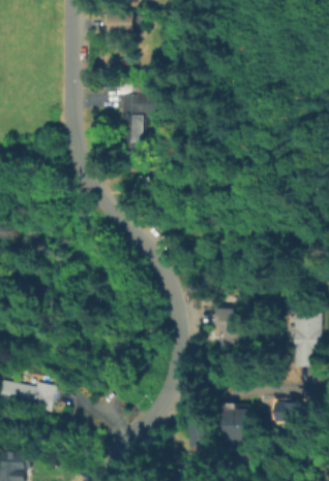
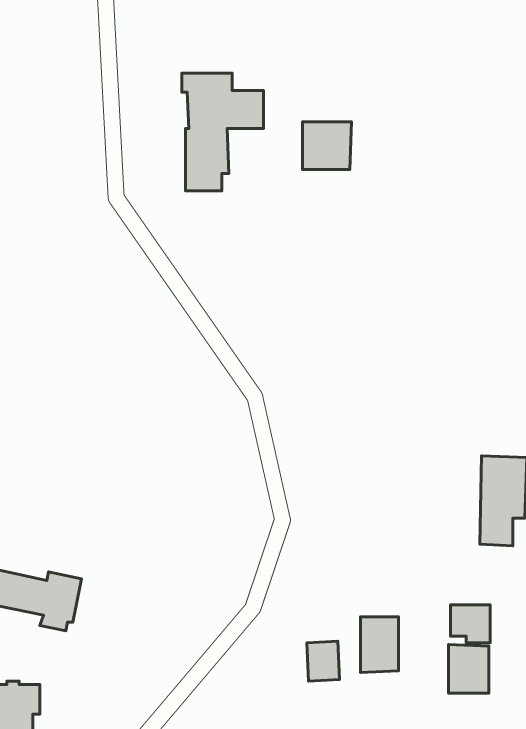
building: none -> [303,122,351,170]
building: [213,308,244,351] -> none
building: none -> [448,645,489,693]

